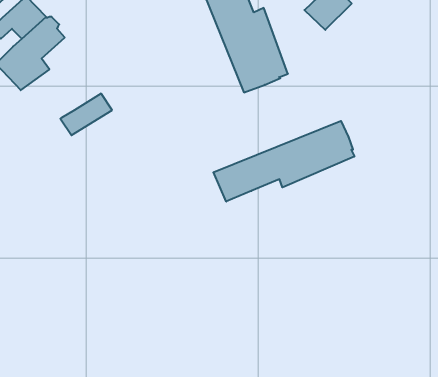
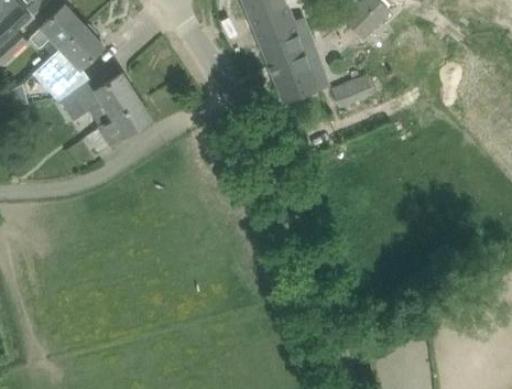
building: none -> [59,75,140,128]
building: none -> [331,75,374,110]
building: [213,121,354,202] -> none

